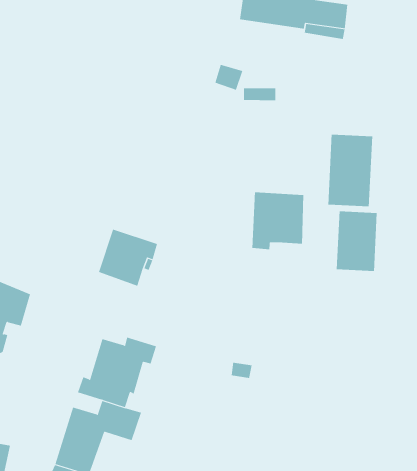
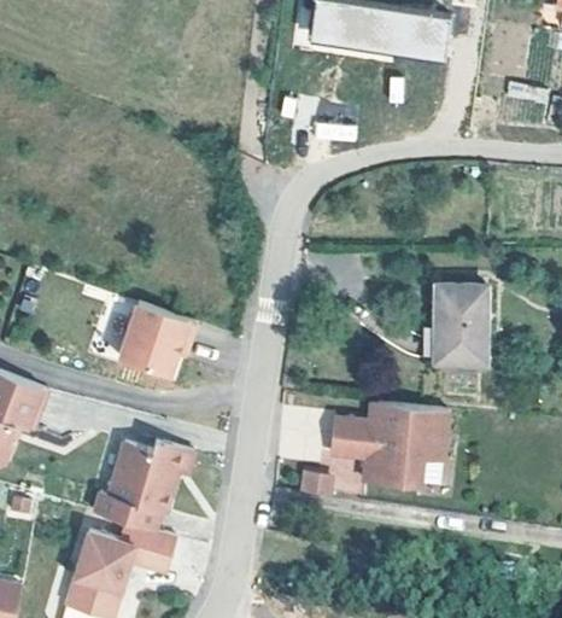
building: [328,134,373,207] -> none
building: [252,192,304,250] -> none
building: none -> [327,401,446,488]

